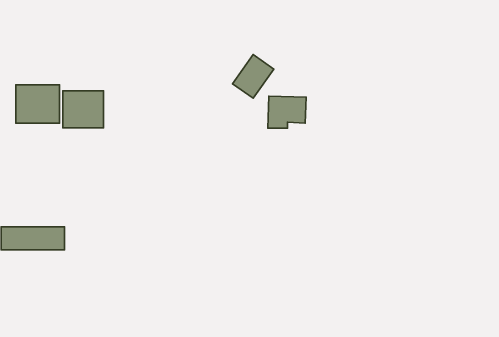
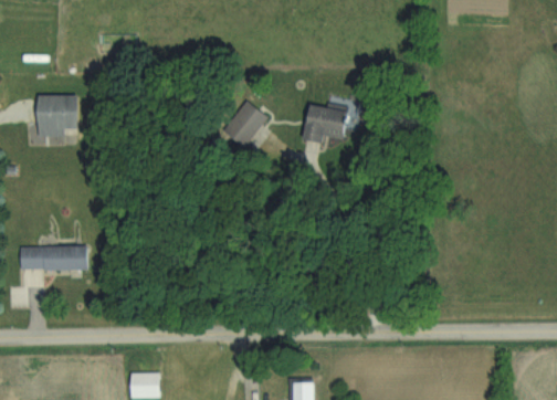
building: [232,55,274,98] -> [225,101,270,147]
building: [63,91,104,128] -> none

